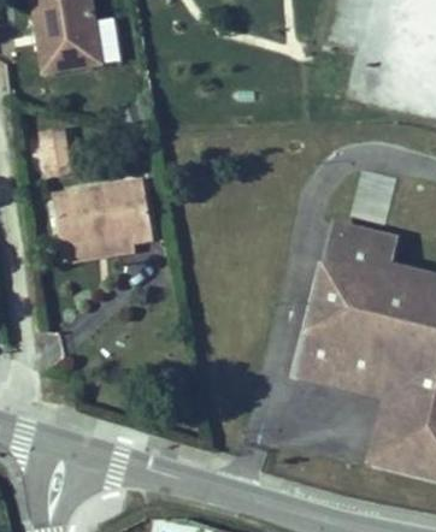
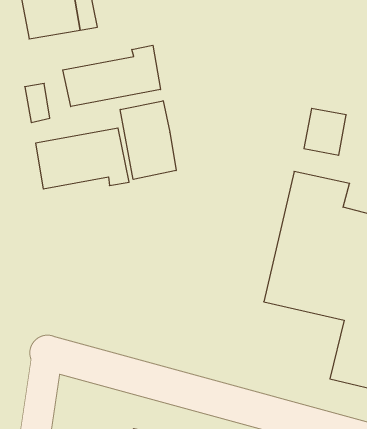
building: none -> [63,45,160,107]
building: none -> [120,101,176,179]

